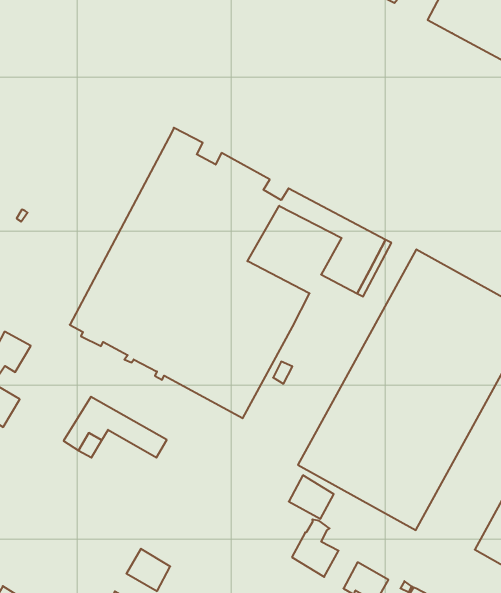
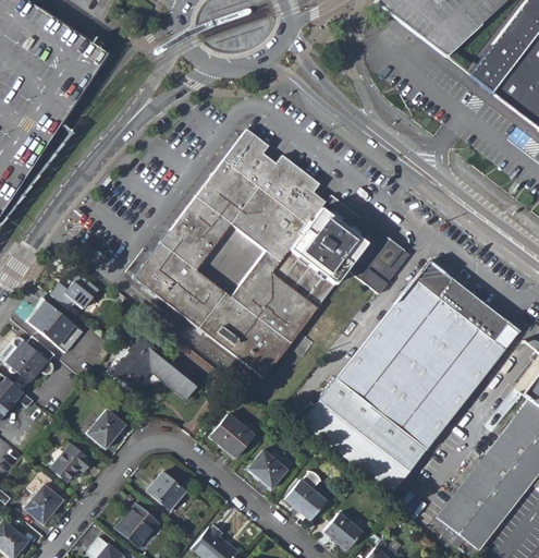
building: none -> [290,208,367,283]
building: none -> [209,412,253,456]
building: [289,475,334,519] -> [247,448,285,486]
building: none -> [87,409,125,449]
building: none -> [51,442,91,481]

